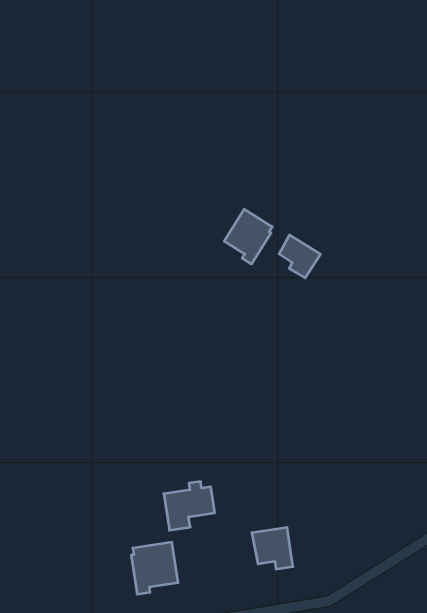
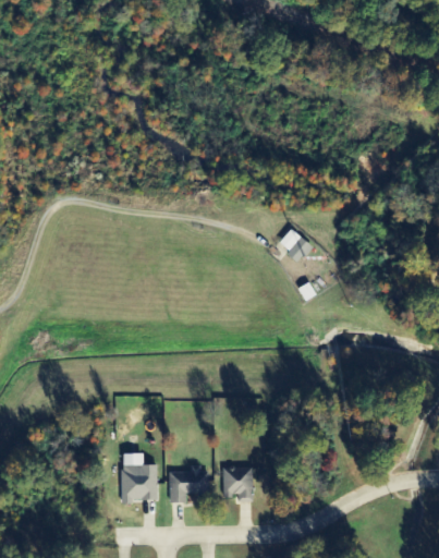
building: [224,209,272,264] -> none
building: [164,482,215,530] -> [169,465,208,501]

